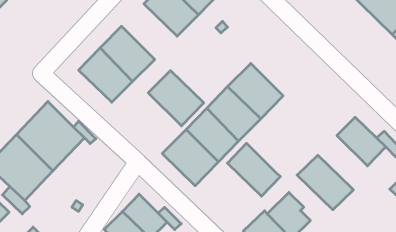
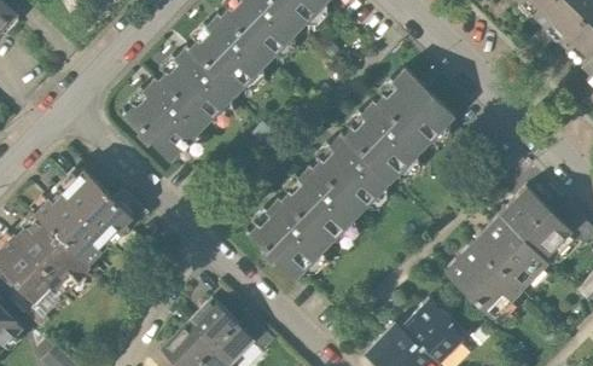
building: none -> [374,74,454,153]
building: [148,71,204,126] -> [186,19,267,100]
building: [227,143,280,196] -> [472,211,550,289]

